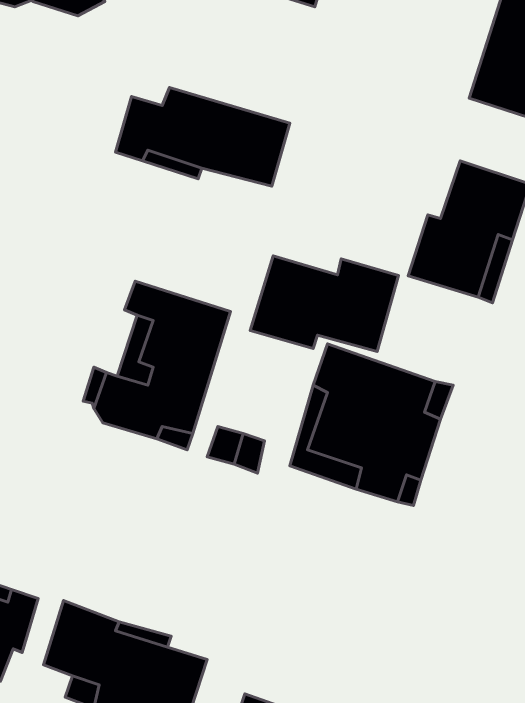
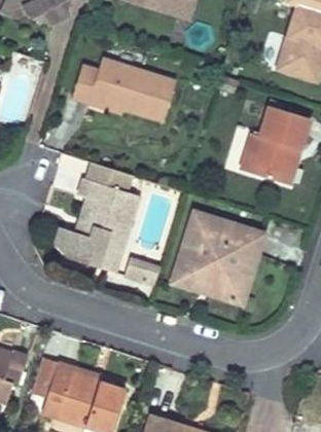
building: [250,256,399,351] -> none

